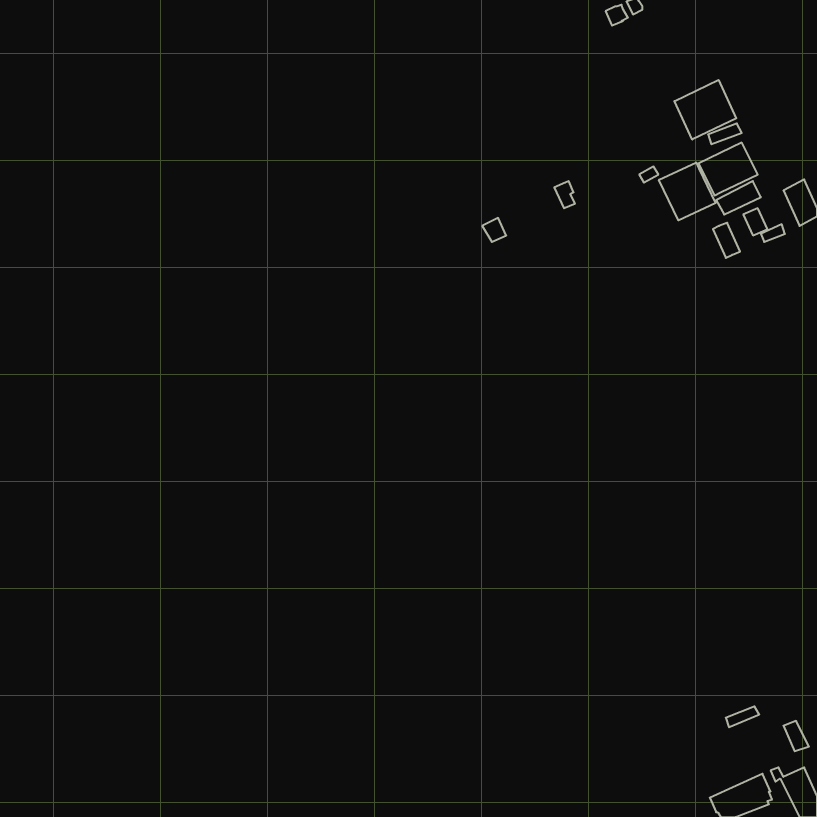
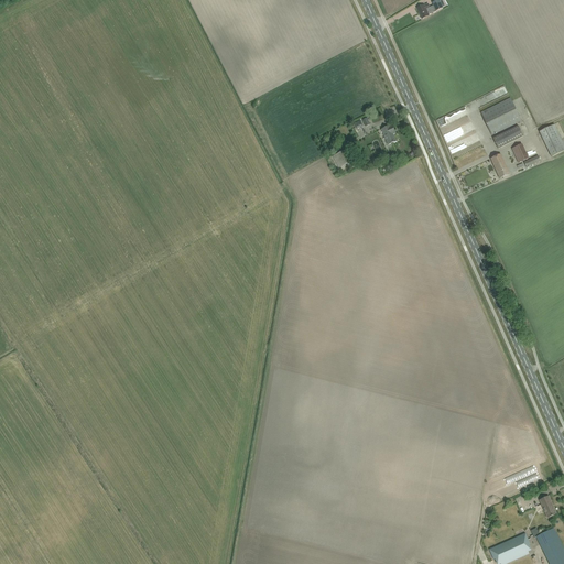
building: [674,80,736,140] -> none
building: [659,162,716,220] -> none

